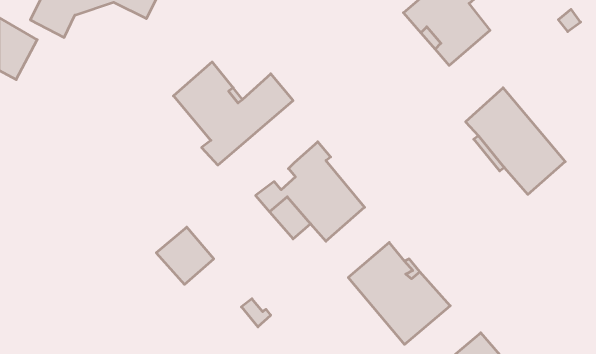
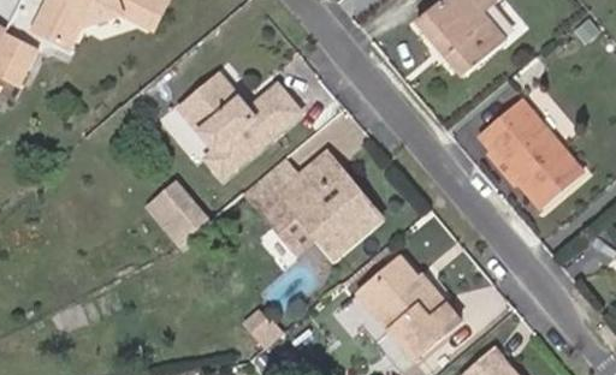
building: none -> [244,156,303,209]
building: [156,227,214,284] -> [143,179,202,238]

